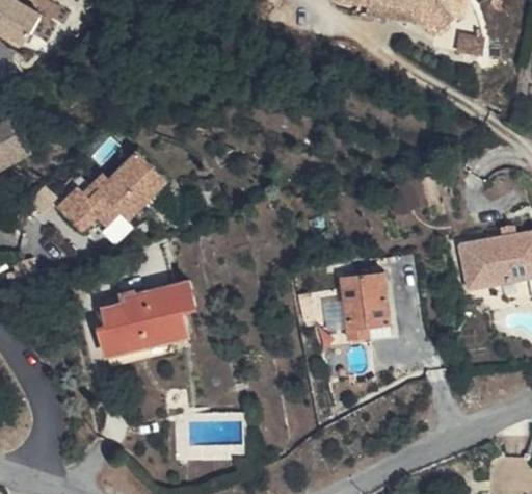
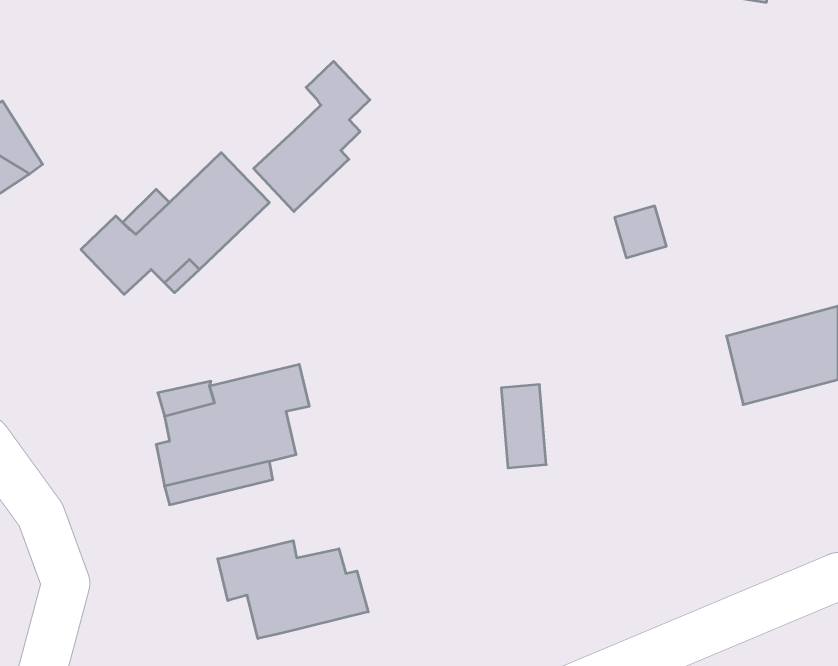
building: none -> [254,61,370,212]
building: [343,270,393,336] -> none
building: none -> [218,541,368,639]

